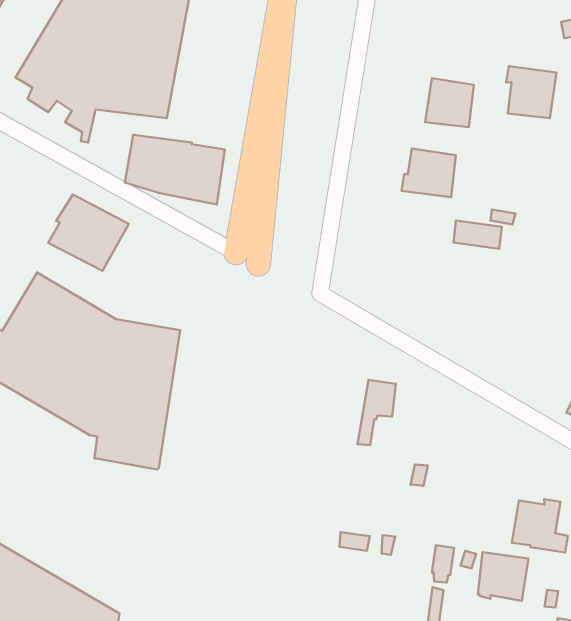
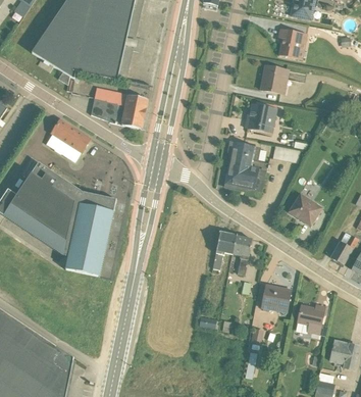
building: [506,66,556,118] -> [278,29,307,59]
building: none -> [225,142,265,193]
building: none -> [288,194,322,227]
building: none -> [233,236,252,276]
building: [478,552,528,601] -> [261,285,291,313]

